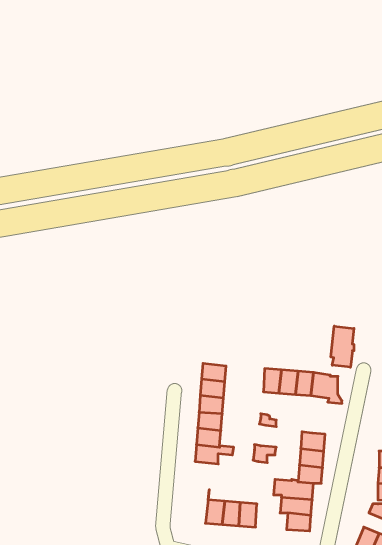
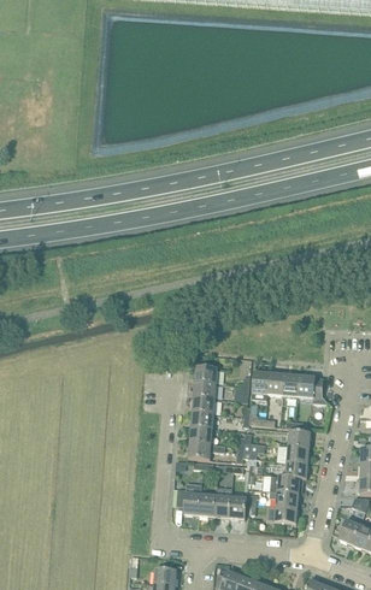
building: [331,326,354,367] -> none
building: none -> [176,482,201,514]

